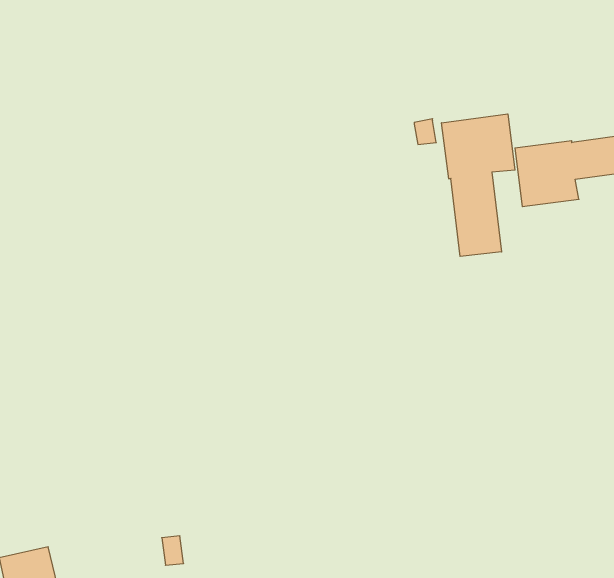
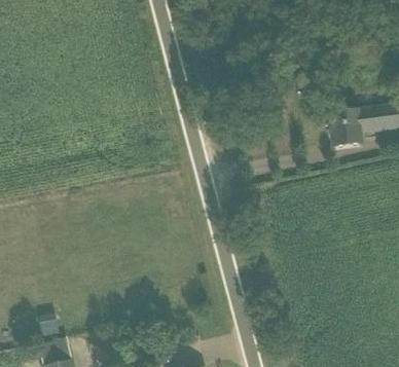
building: [442,114,515,256] -> none

